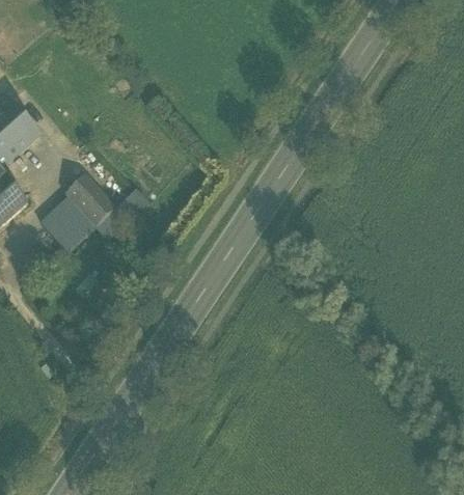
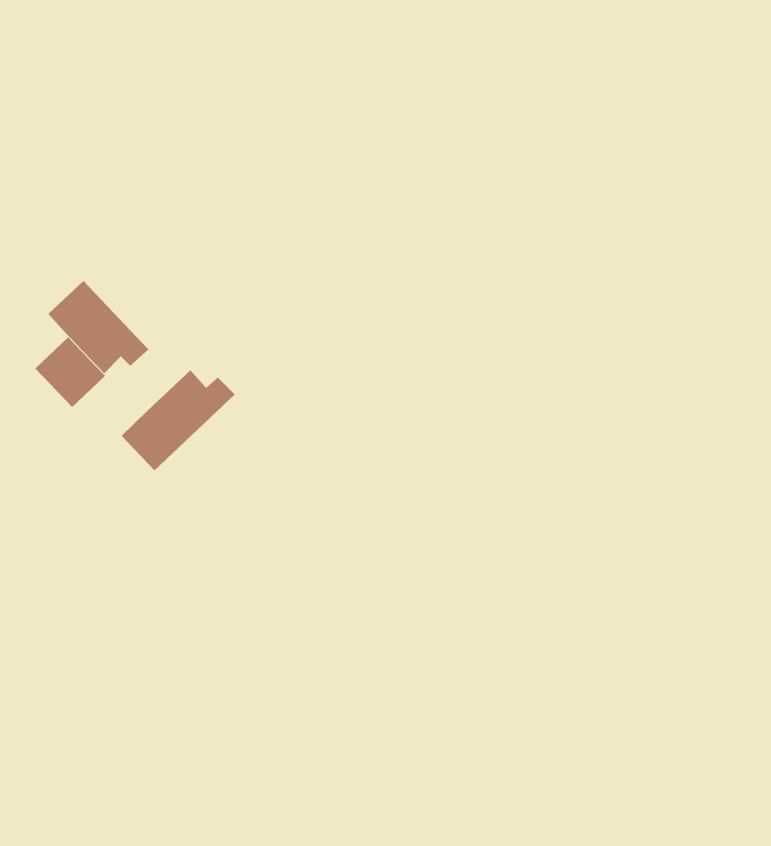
building: none -> [121,369,235,471]

